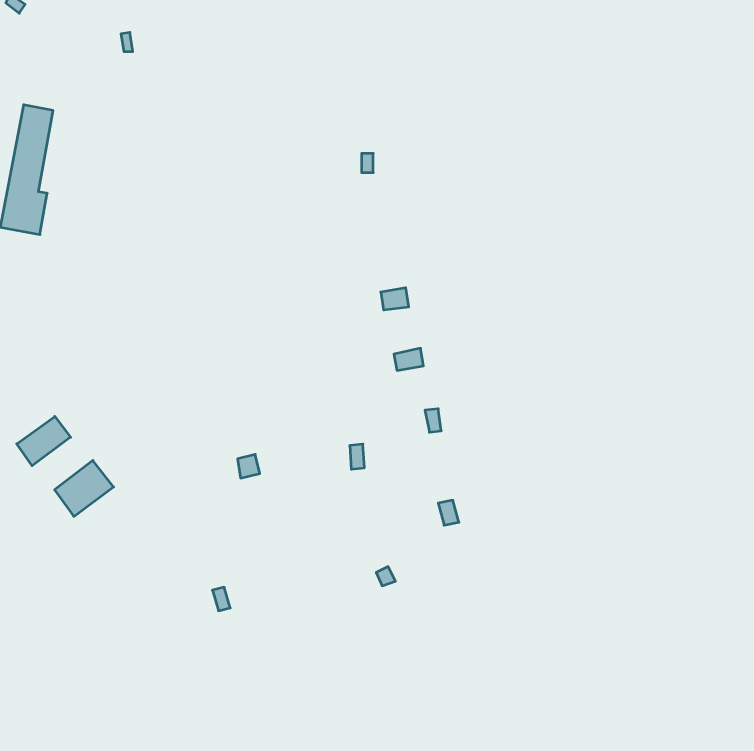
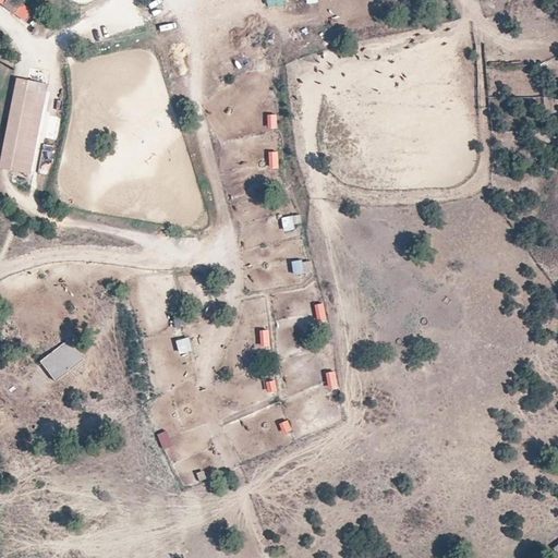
building: [17,416,71,466] -> none

